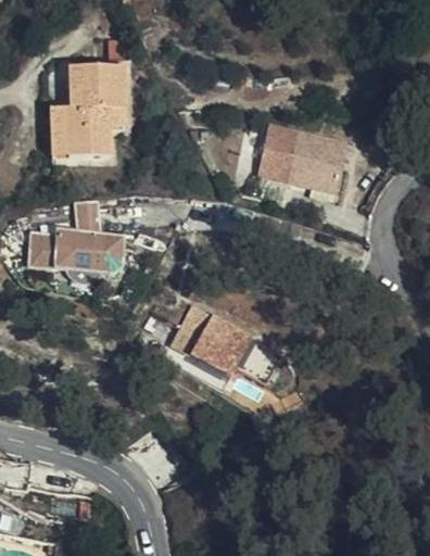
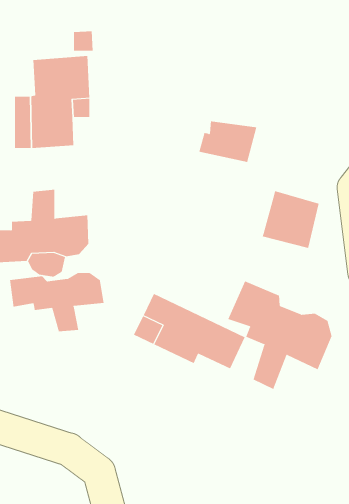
building: [286,128,344,187] -> [262,191,320,248]
building: none -> [9,272,104,332]
building: none -> [228,280,332,390]

